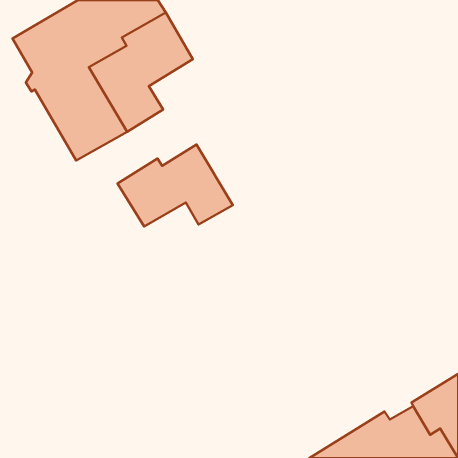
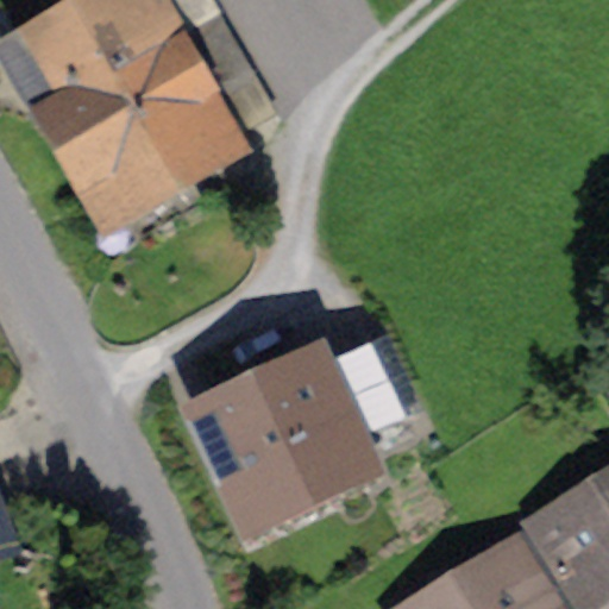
building: [118,144,233,227] -> none
building: none -> [206,372,359,503]

